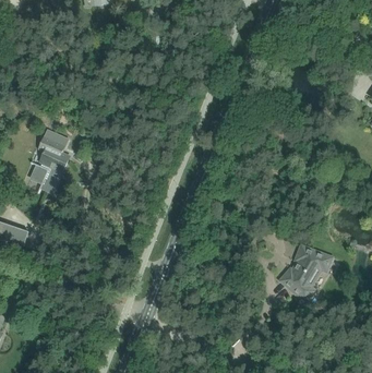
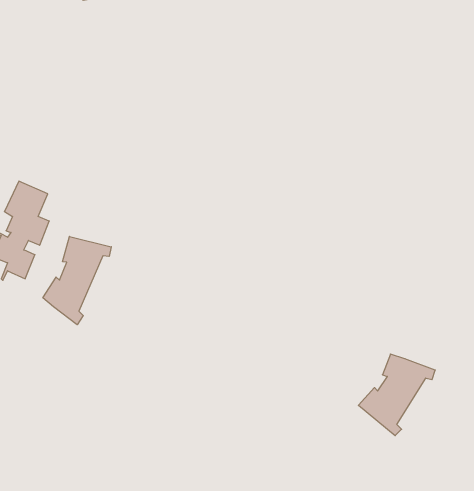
building: none -> [43,236,111,325]

